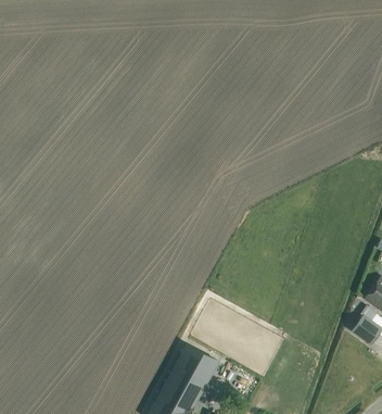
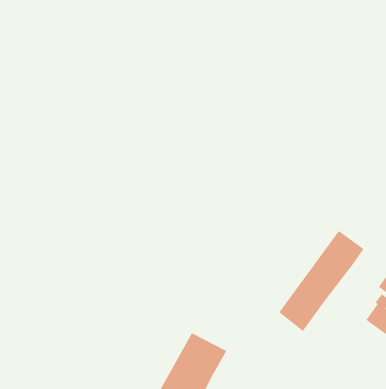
building: none -> [279,230,364,332]

